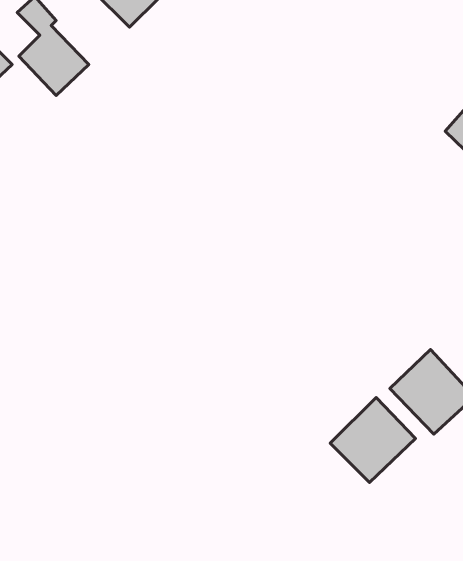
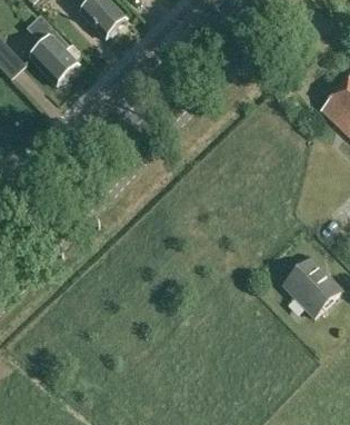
building: [330,398,415,483] -> none

